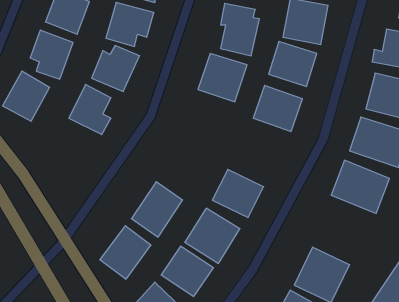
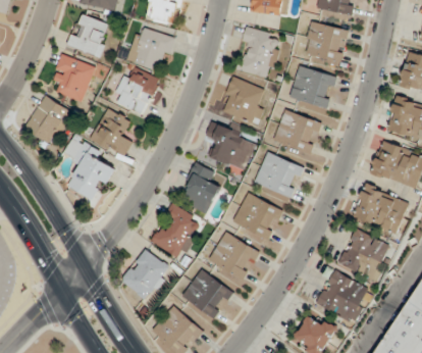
building: none -> [203,120,258,173]
building: none -> [62,137,117,201]
building: none -> [254,152,304,198]
building: none -> [181,162,220,213]
building: none -> [338,228,390,280]

